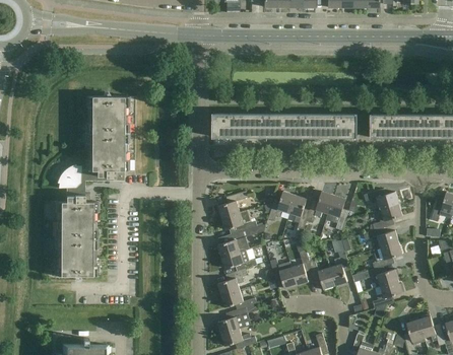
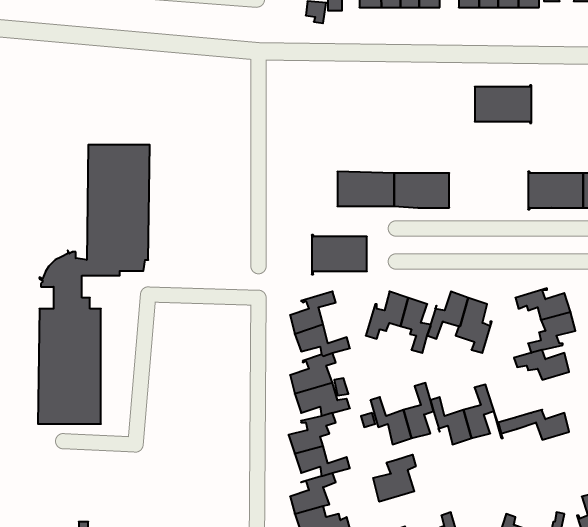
building: [213,113,249,138] -> [312,235,367,274]
building: [321,114,358,138] -> [475,85,531,123]
building: [372,242,402,269] -> none
building: [373,281,402,308] -> none
building: none -> [373,455,416,502]

